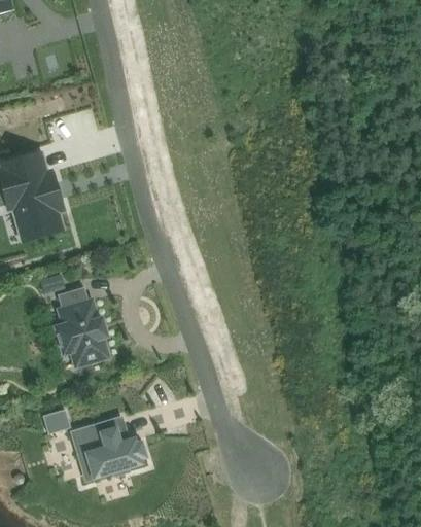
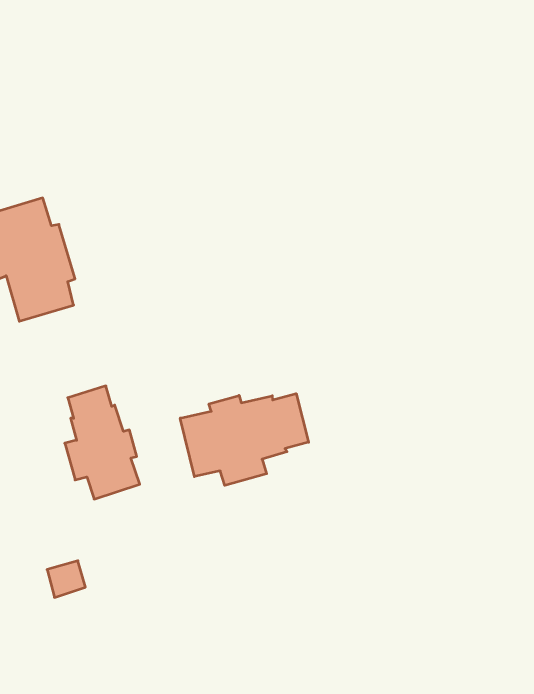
building: none -> [180,394,309,485]
building: [72,421,146,483] -> none

